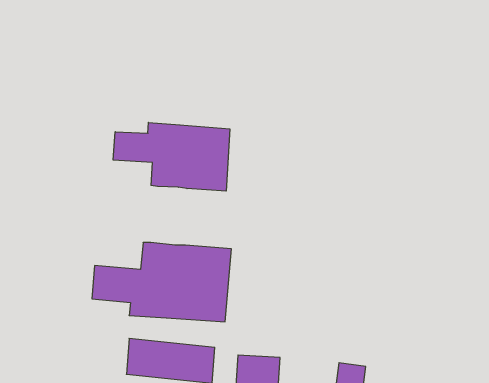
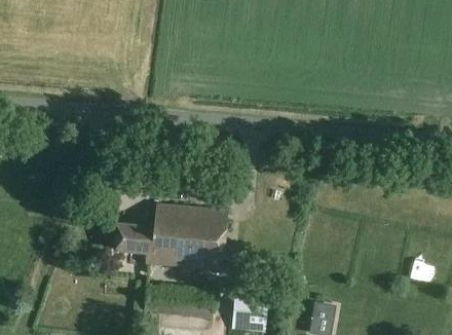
building: [113,122,230,191] -> none

